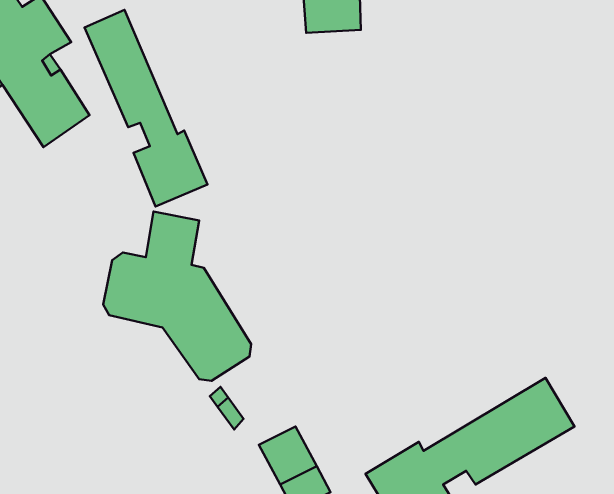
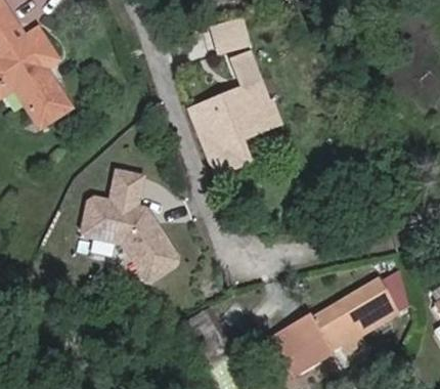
building: [84,10,207,206] -> none
building: none -> [192,49,279,171]

